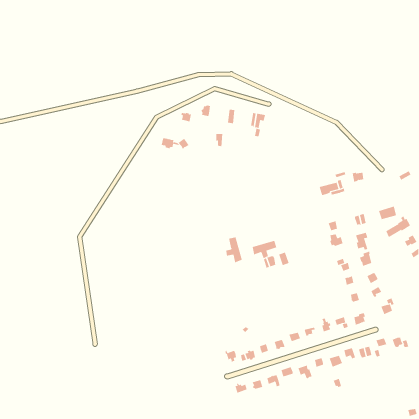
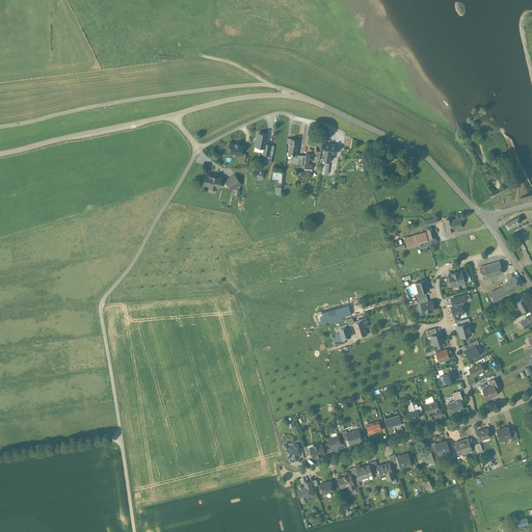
building: [225,237,243,263] -> none

